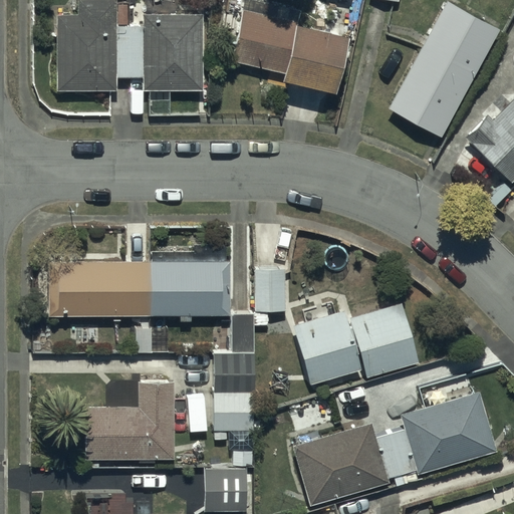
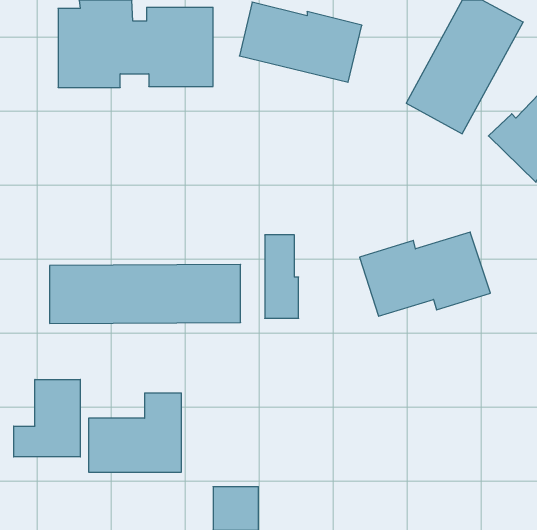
building: [295,304,420,384] -> [360,232,490,316]
building: [214,353,255,432] -> none
building: none -> [14,379,80,457]
building: [293,392,497,504] -> none

